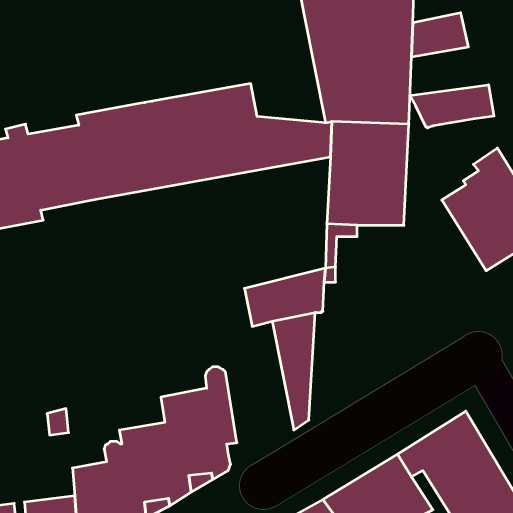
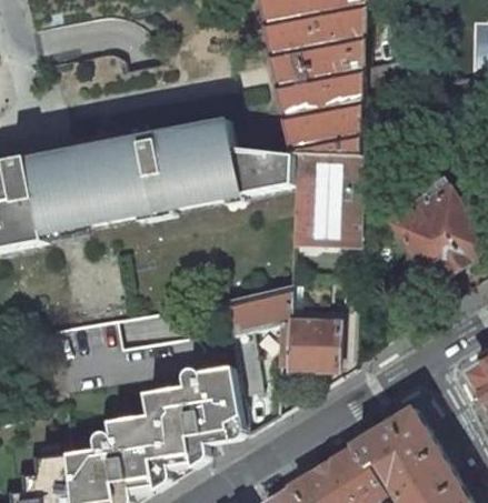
building: [410,85,494,128] -> none
building: none -> [283,319,336,369]
building: none -> [200,365,243,443]

